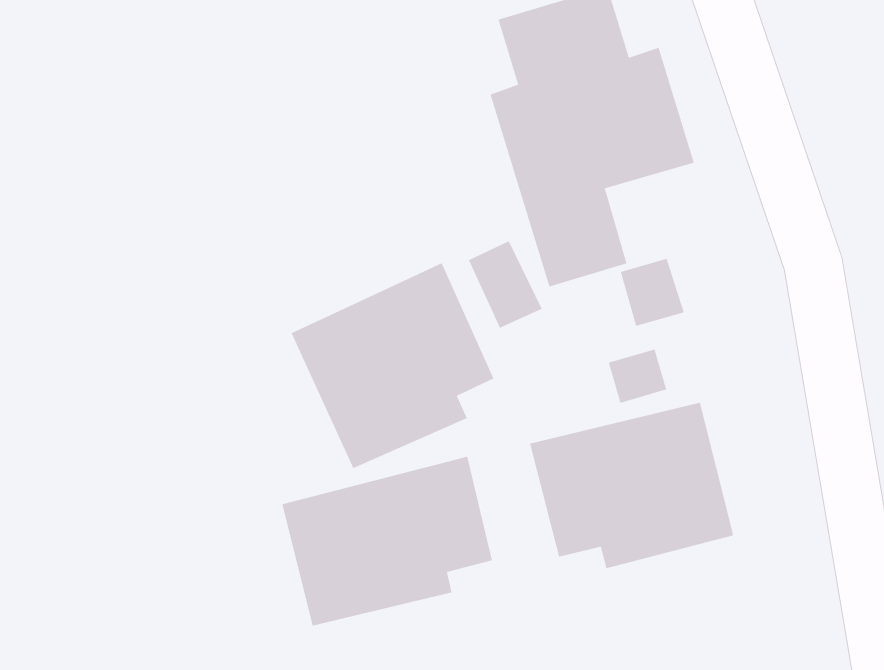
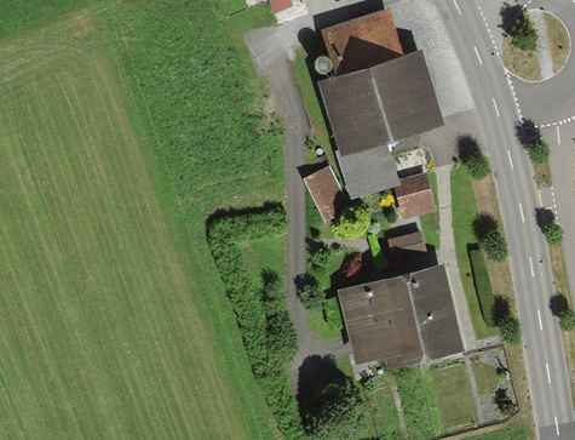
building: [291,262,494,469] -> none
building: [281,456,493,626] -> none

